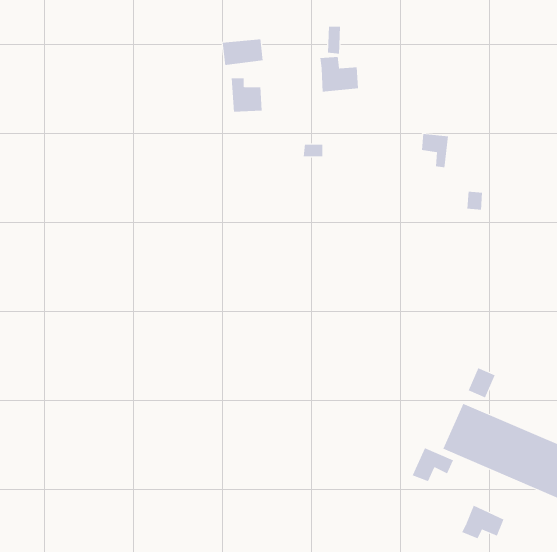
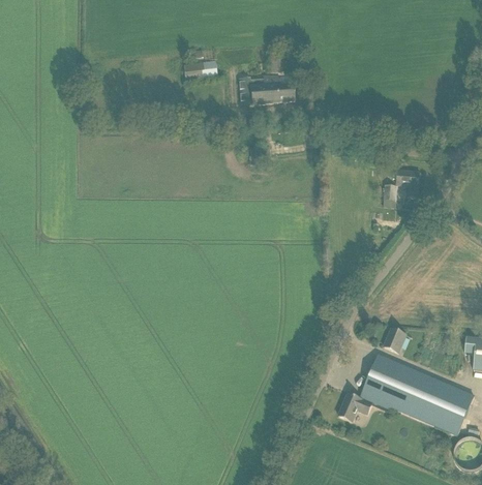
building: [231,78,262,112] -> [238,75,264,103]
building: [421,134,449,168] -> [396,169,419,196]
building: [462,505,504,539] -> none

